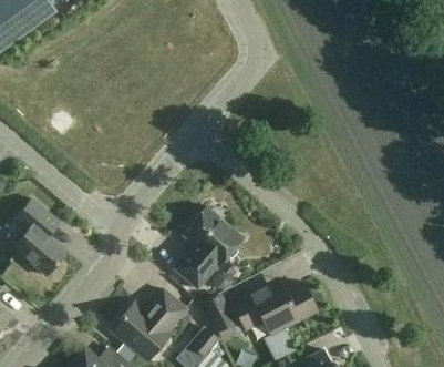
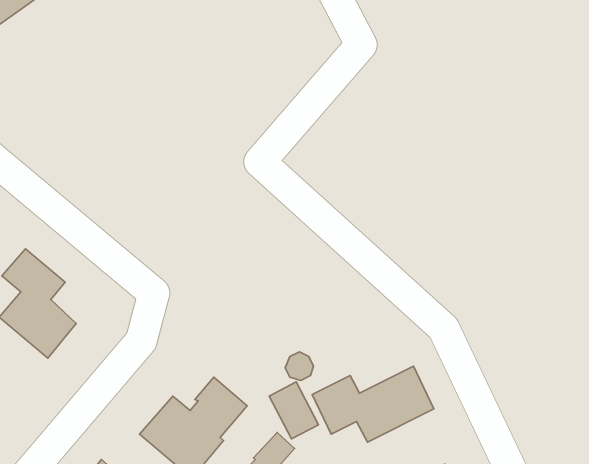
building: [173,206,242,289] -> none

